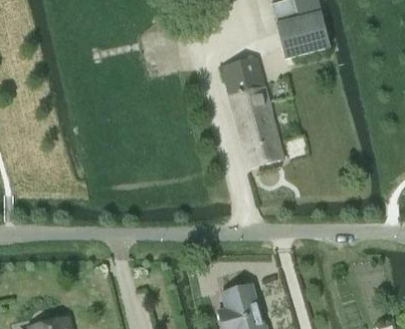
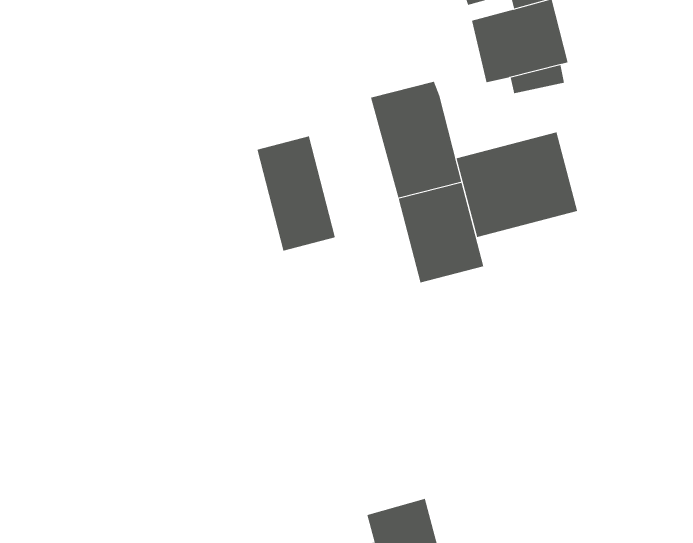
building: none -> [456,131,578,238]
building: none -> [257,136,335,252]

